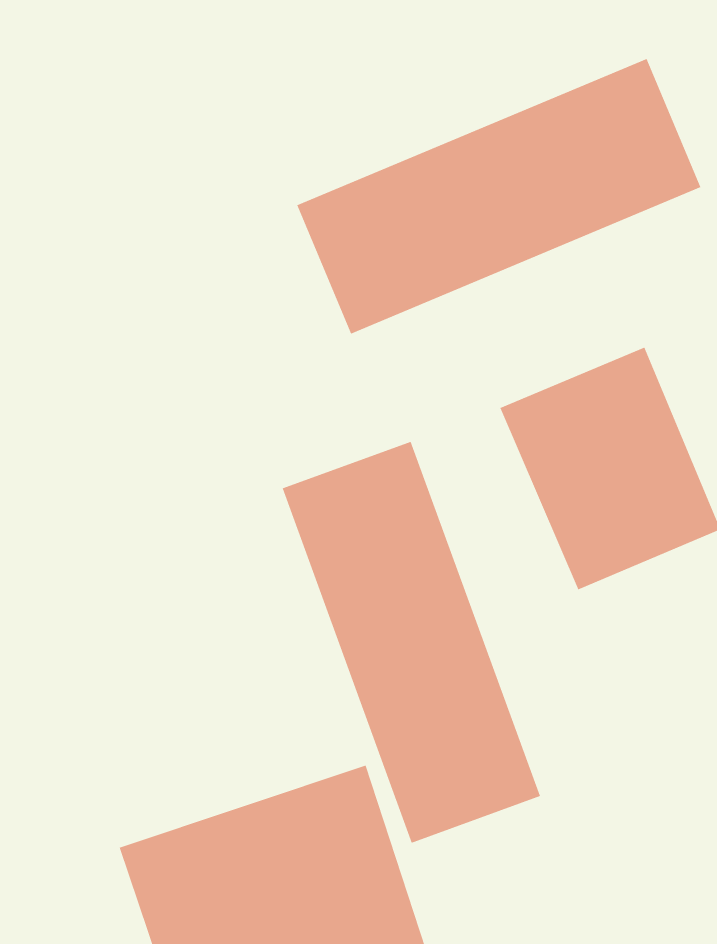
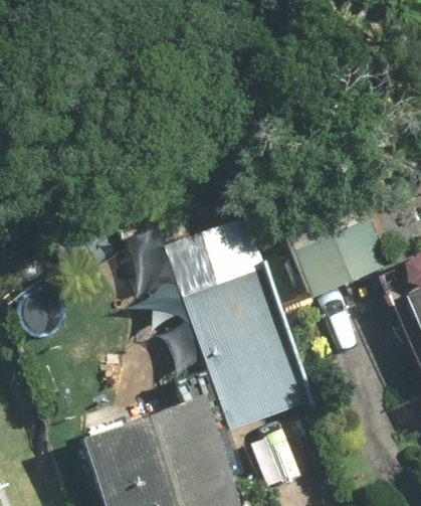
building: [297,58,701,334] -> none

